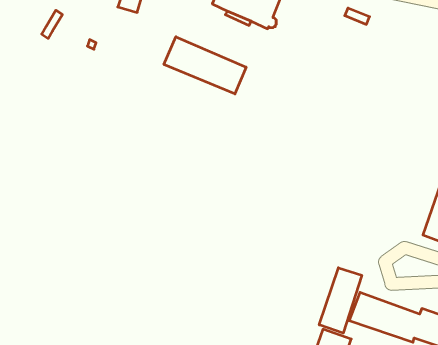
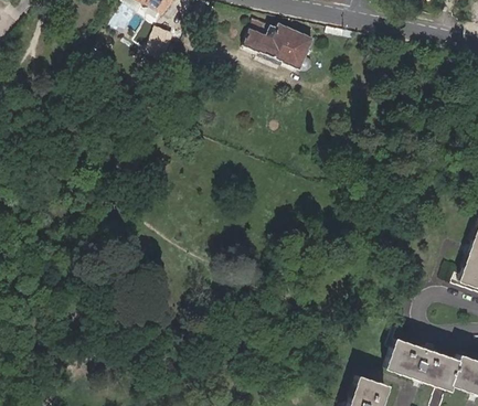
building: [164,37,246,94] -> none
building: [319,268,362,333] -> none

